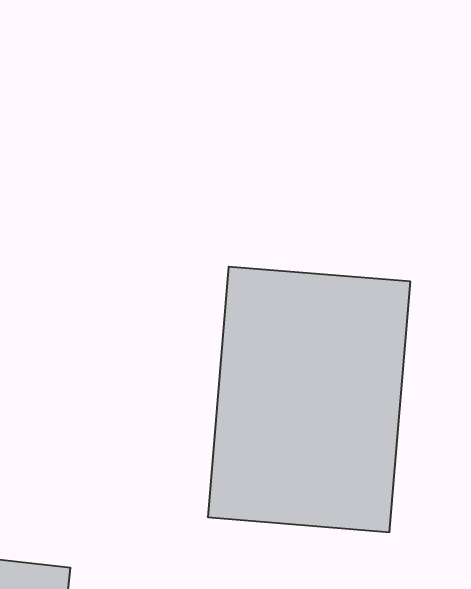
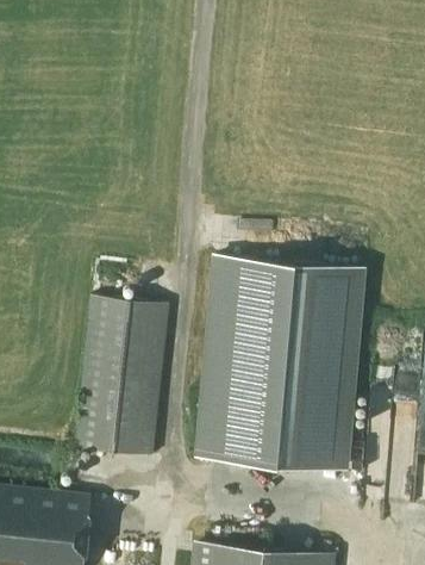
building: none -> [75,296,169,457]

